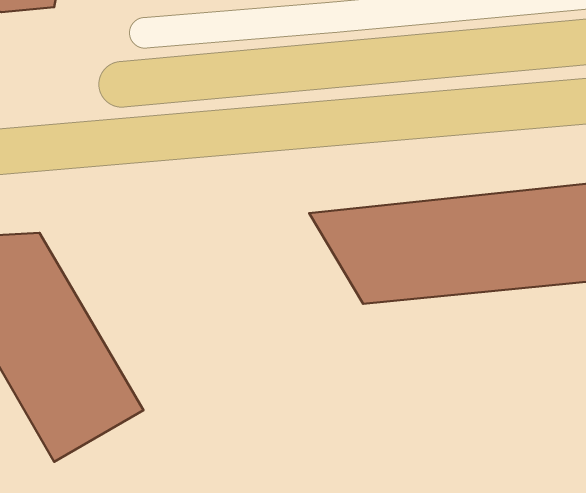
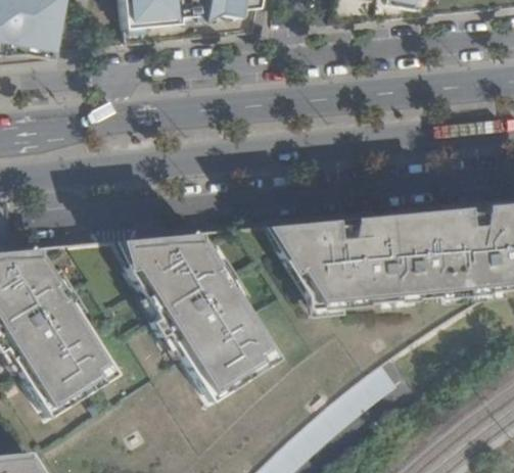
building: none -> [108,226,285,406]

